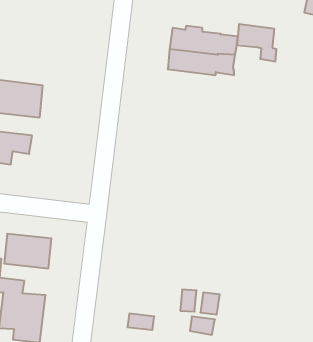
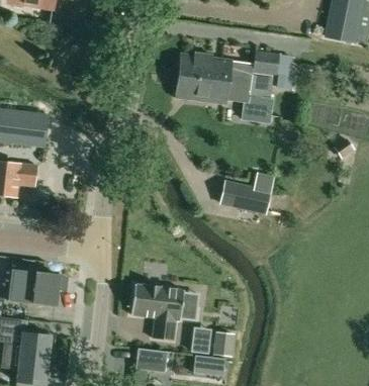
building: none -> [247,72,273,122]
building: none -> [218,182,271,214]
building: none -> [131,284,196,341]

